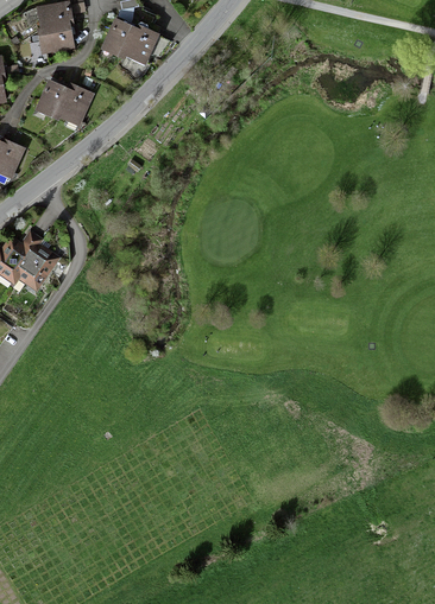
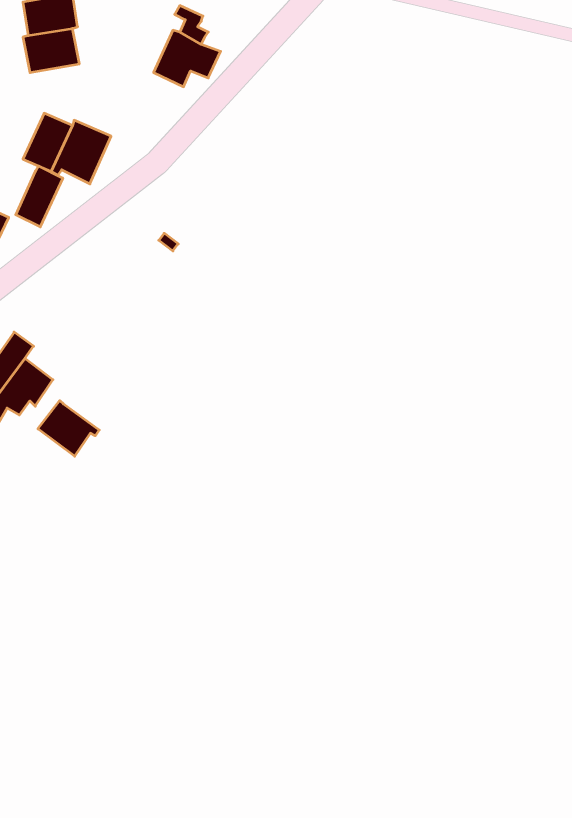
building: [102,17,135,57] -> none
building: none -> [16,166,63,227]
building: none -> [38,401,99,456]

